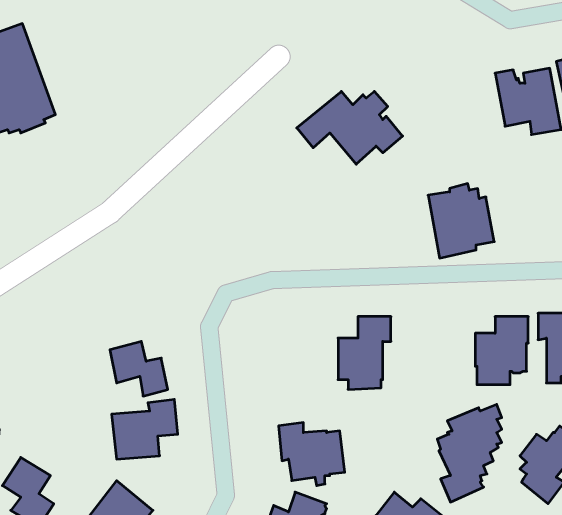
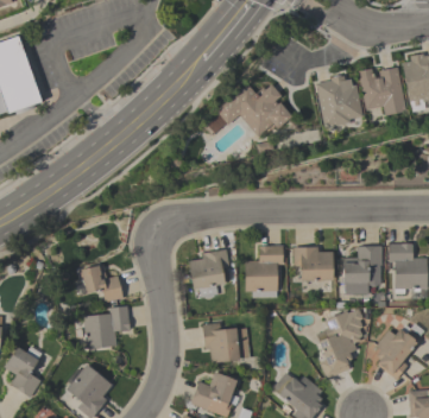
building: [428,184,494,258] -> [315,75,362,128]
building: none -> [292,247,333,280]
building: none -> [188,248,229,298]

